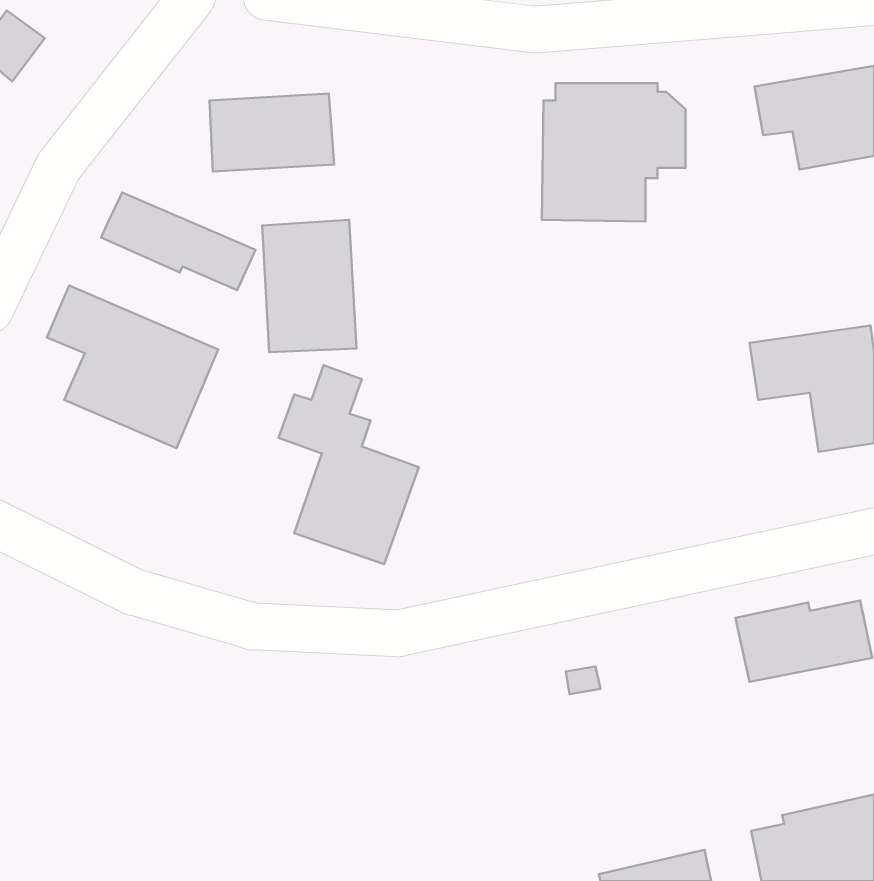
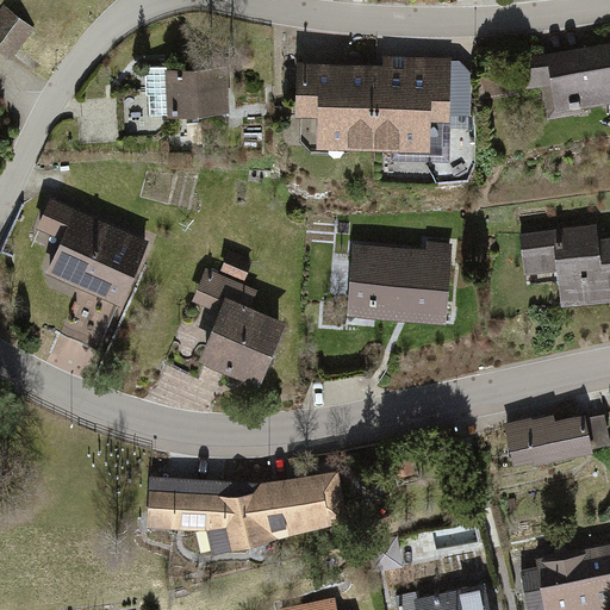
building: none -> [301,68,374,151]
building: [101,193,256,290] -> none
building: [262,220,357,352] -> none
building: none -> [349,239,453,324]
building: none -> [148,473,354,555]

